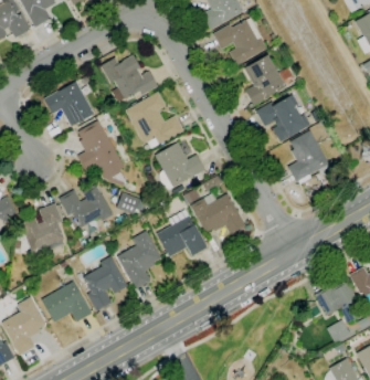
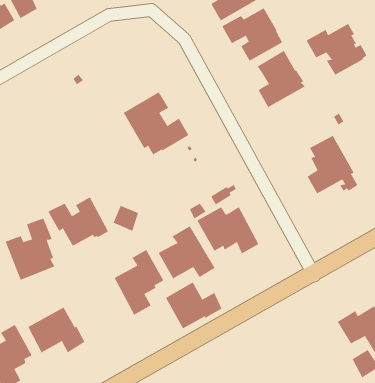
building: [102,55,159,102] -> none
building: [44,82,95,127] -> none
building: [256,95,310,141] -> [306,23,367,76]
building: [77,120,128,187] -> none
building: [156,142,205,190] -> none
building: [78,256,128,312] -> none
building: none -> [165,281,222,329]

